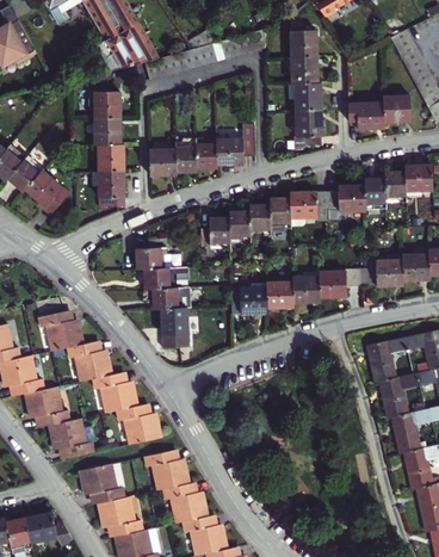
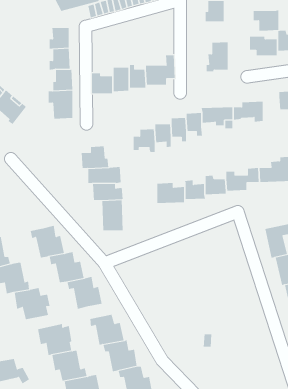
building: [287,83,321,111] -> [253,9,279,31]
building: [365,179,385,209] -> none
building: [42,310,87,351] -> none

